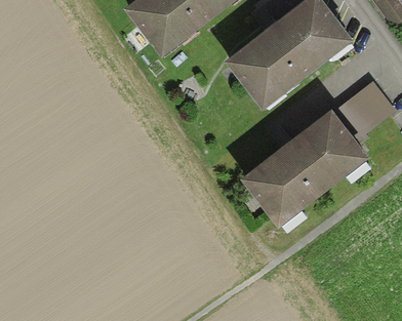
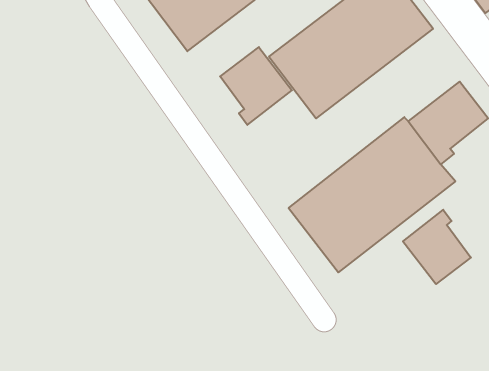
building: none -> [220,47,292,125]
building: none -> [403,210,471,284]

